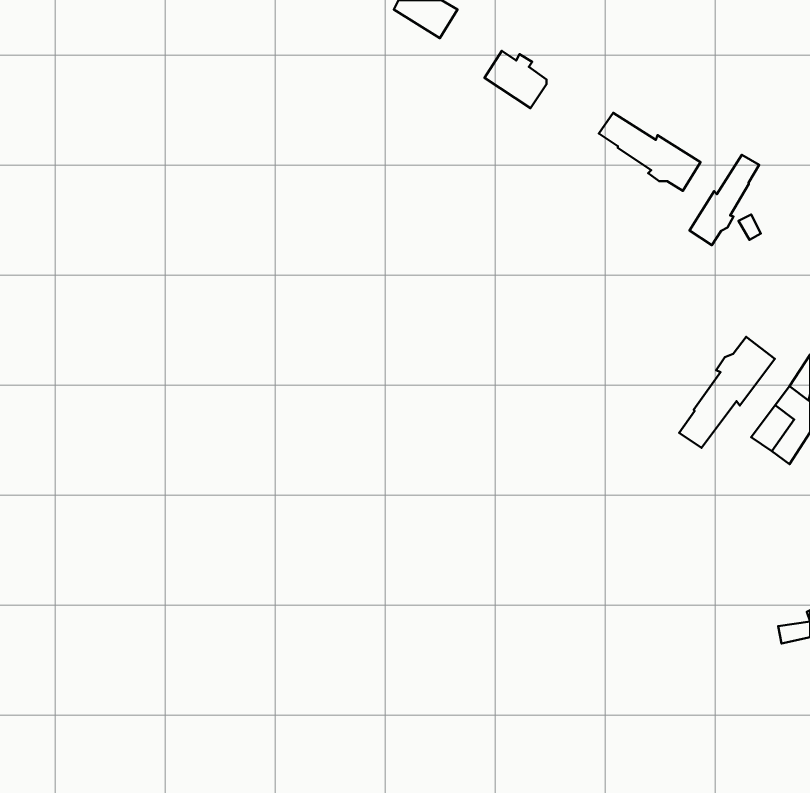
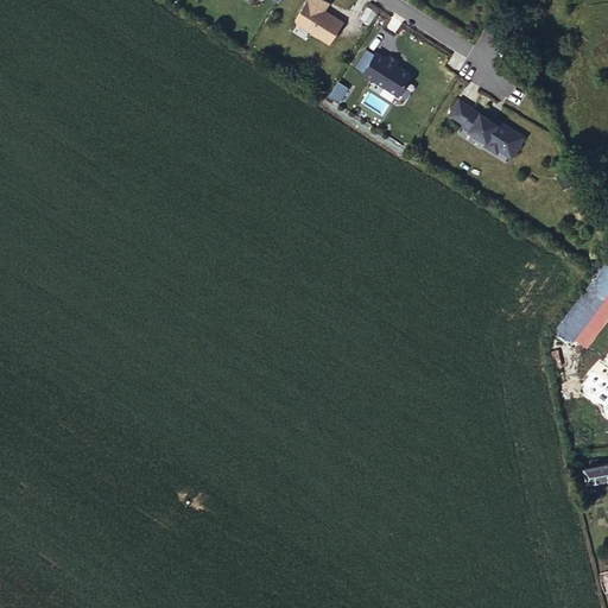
building: [689,155,759,245] -> none
building: [679,337,775,448] -> none

